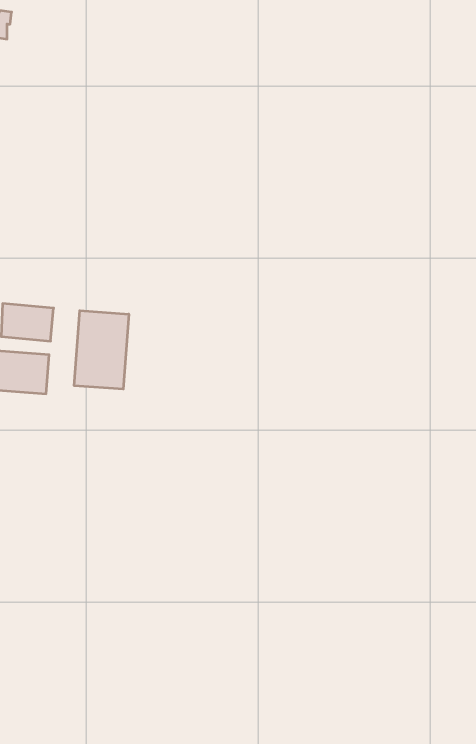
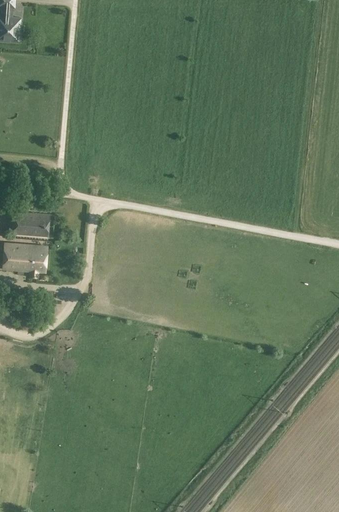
building: [74,311,129,389] -> none

